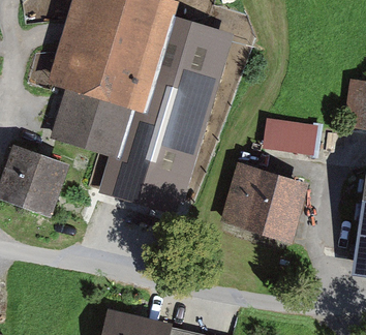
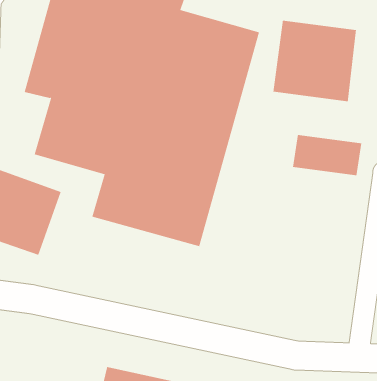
building: none -> [273,20,357,102]
building: [221,163,307,241] -> none

